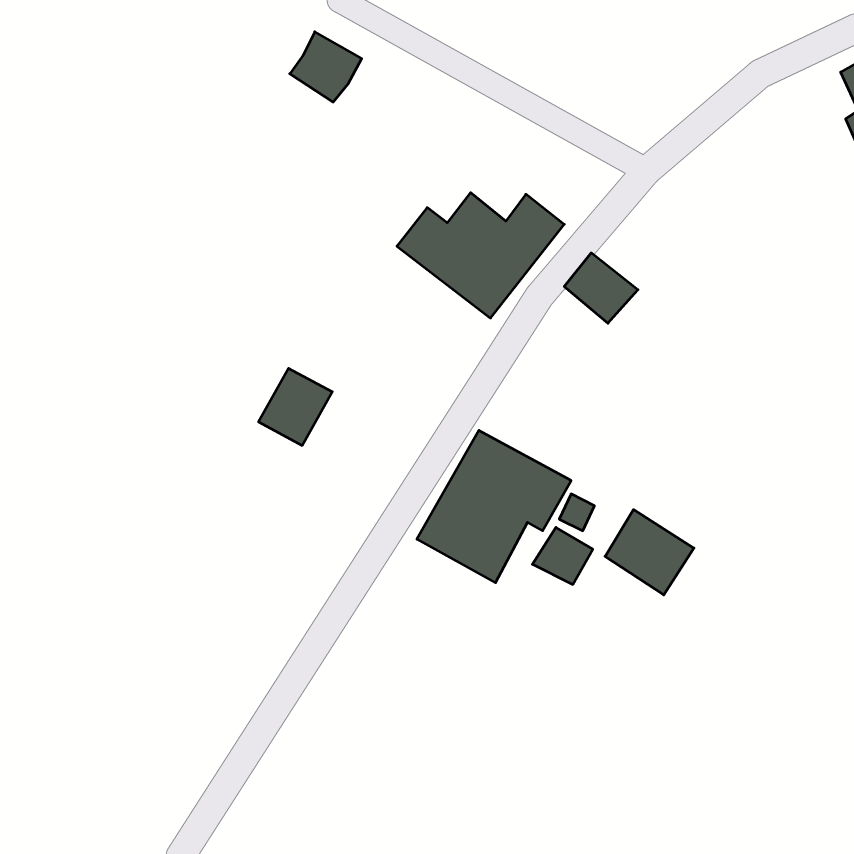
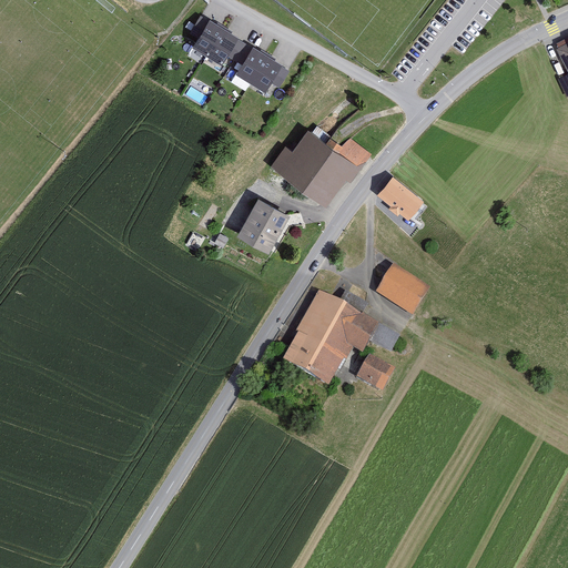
building: none -> [240,51,282,92]
building: [259,368,332,445] -> [241,203,290,254]
building: [605,510,694,595] -> [372,258,430,315]

